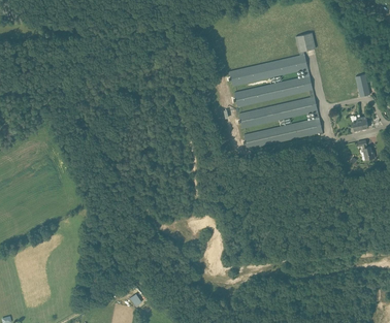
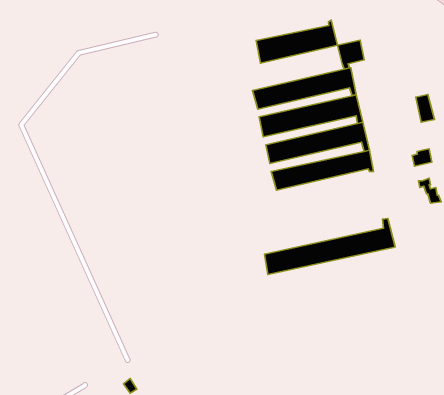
building: none -> [256,20,338,63]
building: none -> [265,219,395,275]

